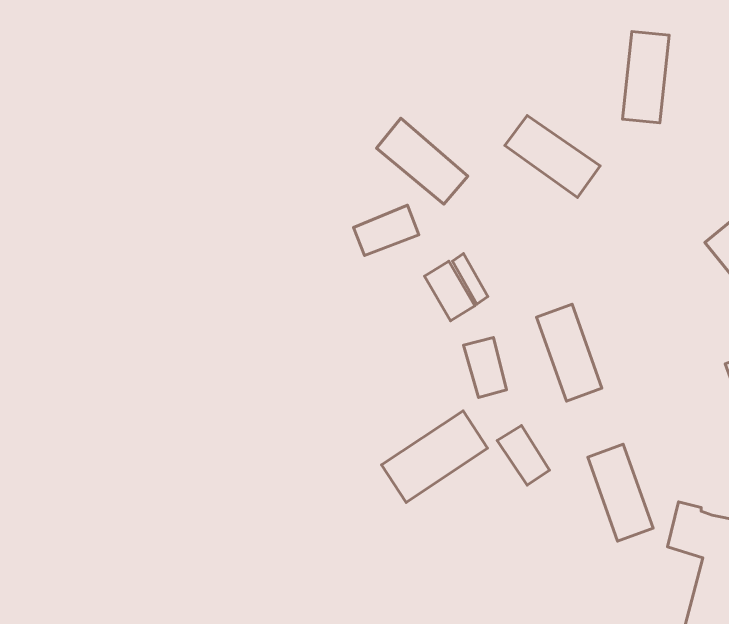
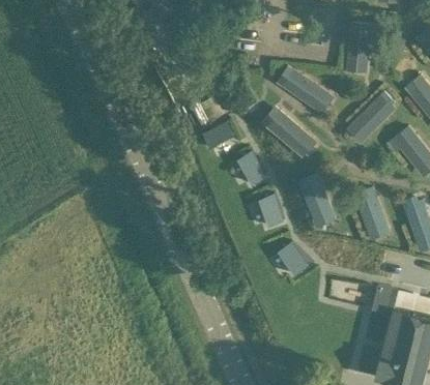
building: [376,118,468,204] -> [266,111,317,158]
building: none -> [346,95,396,144]
building: [382,411,488,502] -> none
building: [588,444,653,541] -> [353,187,390,241]

